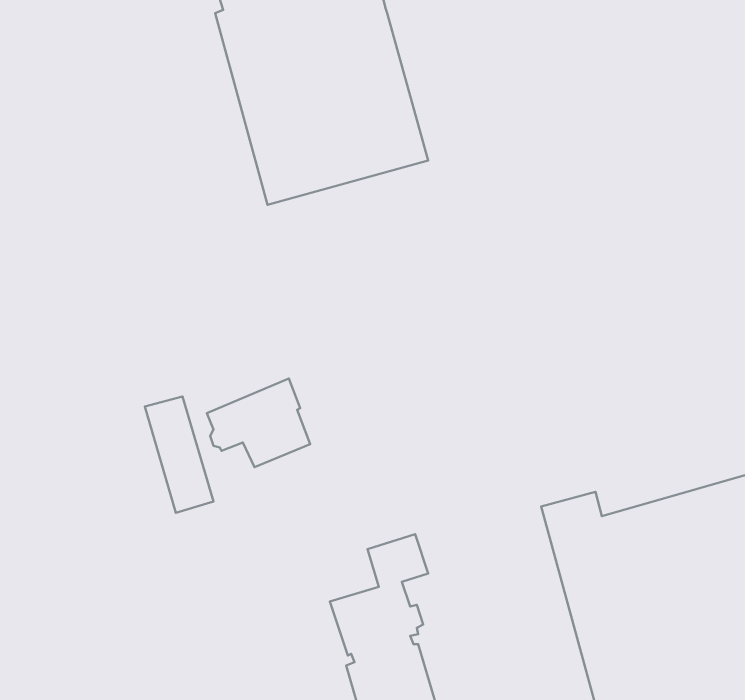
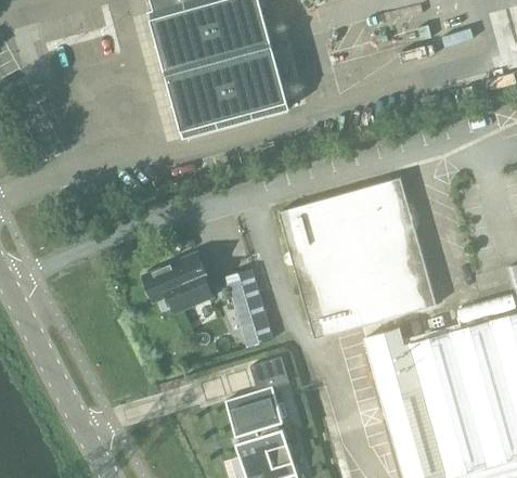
building: none -> [279,178,436,339]
building: [145,397,214,513] -> [227,270,272,347]

